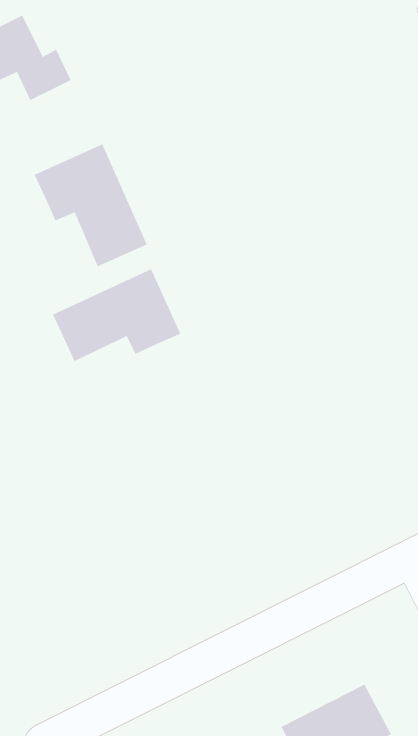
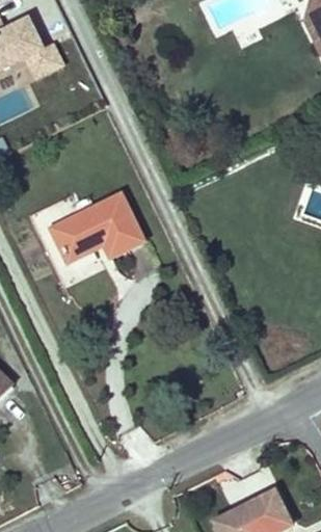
building: [34,143,148,267] -> none

